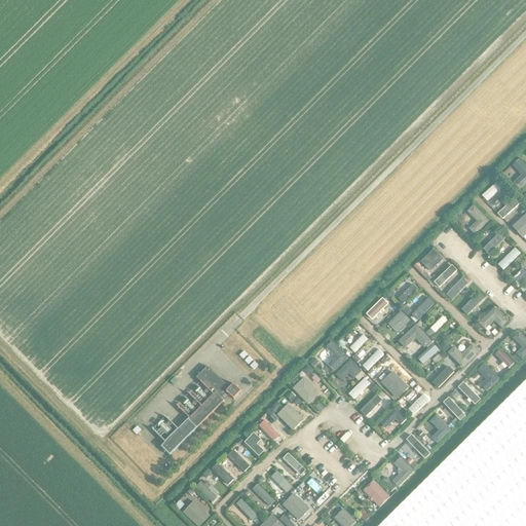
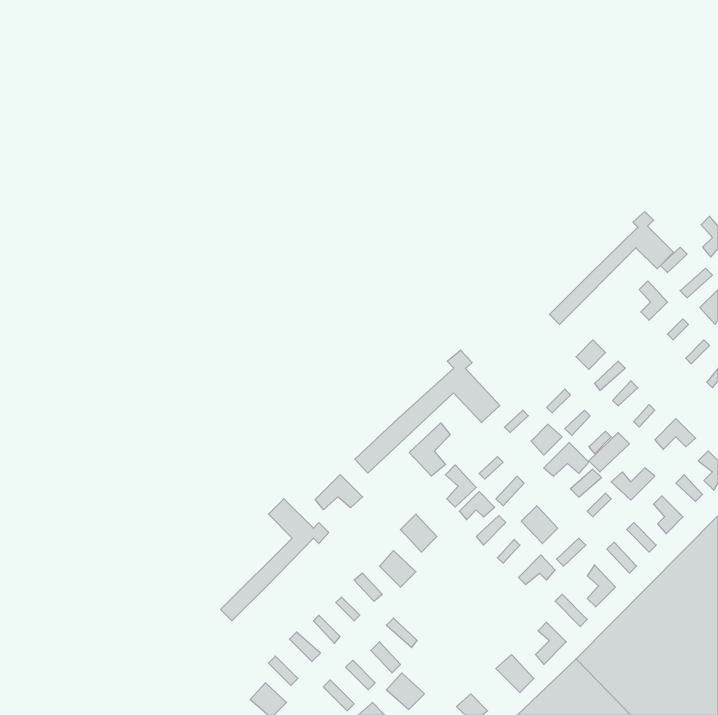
building: none -> [549,212,674,324]
building: none -> [355,350,500,473]
building: none -> [409,423,450,476]
building: none -> [315,475,363,510]

